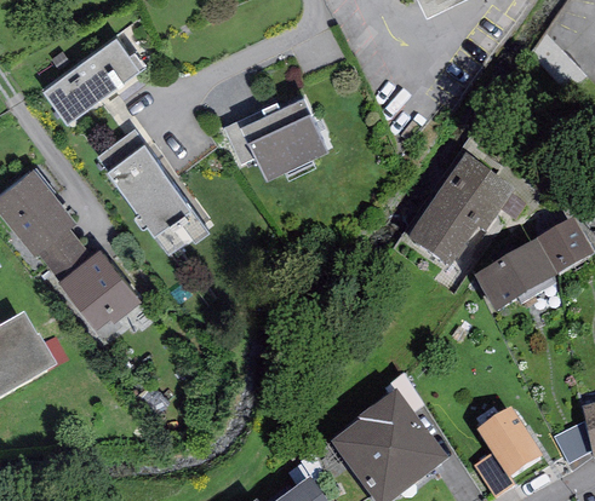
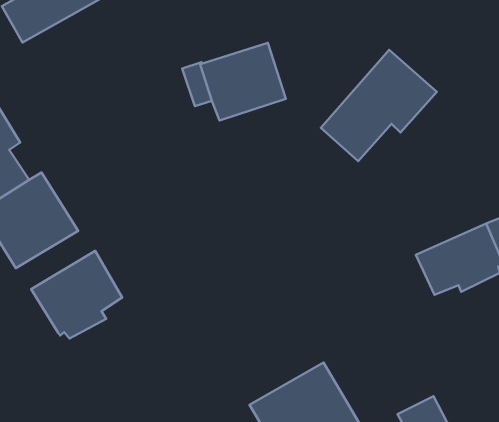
building: [95,125,206,248] -> none
building: [407,156,515,267] -> [321,50,437,161]
building: none -> [31,251,122,339]

